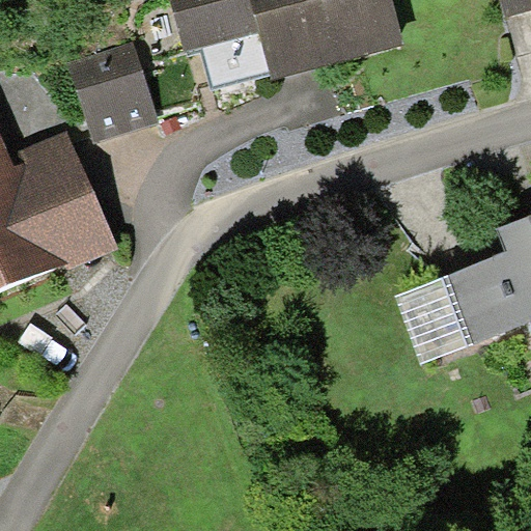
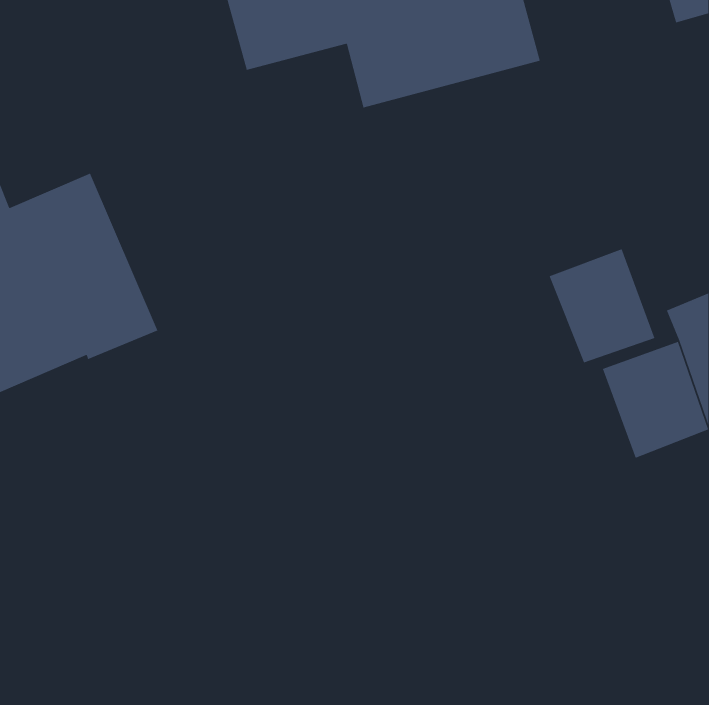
building: [68,41,158,142] -> none
building: [394,275,474,361] -> [549,248,656,364]

